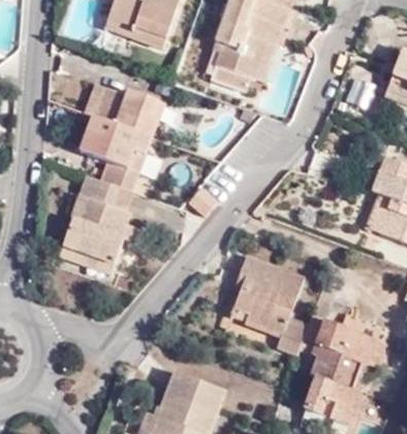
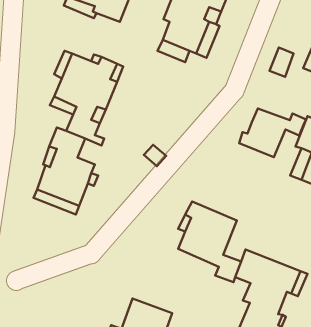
building: none -> [239,108,306,157]

